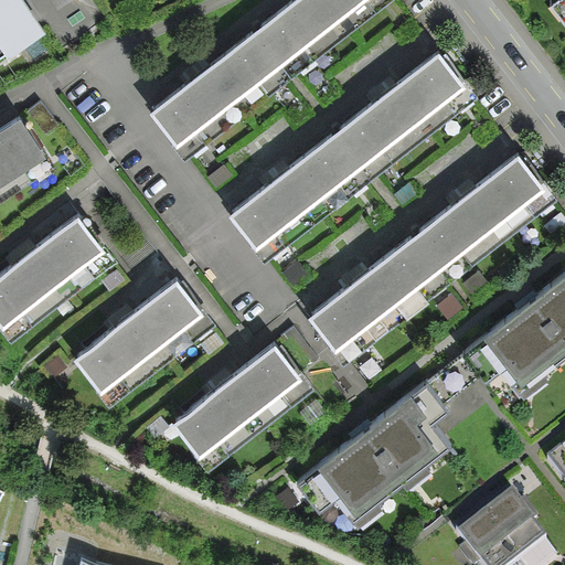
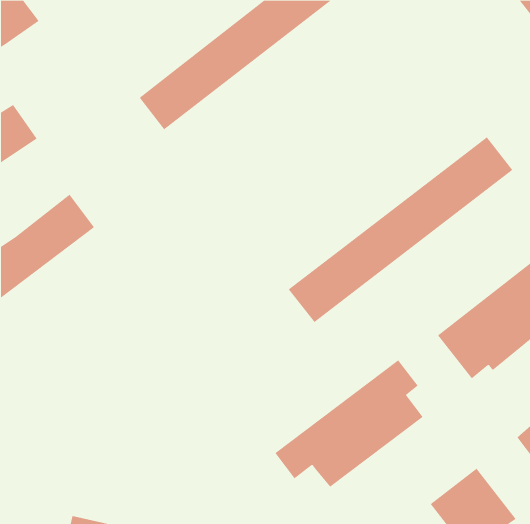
building: [228,52,466,247] -> none
building: [75,280,203,391] -> none
building: [172,342,303,459] -> none

